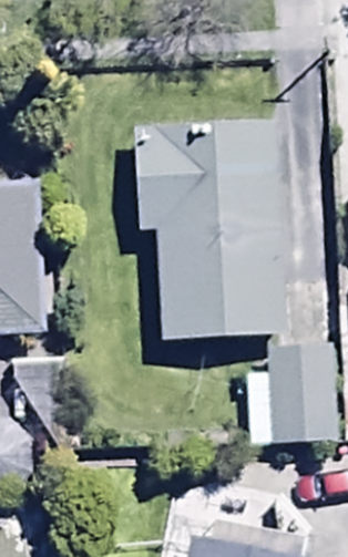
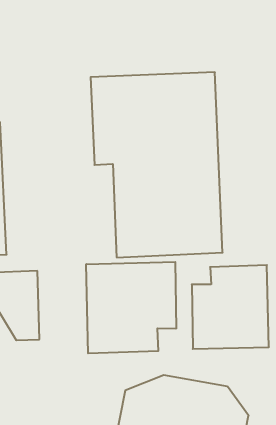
building: none -> [86,262,176,353]

